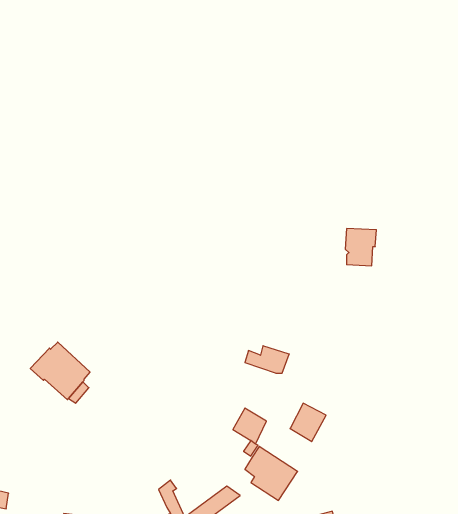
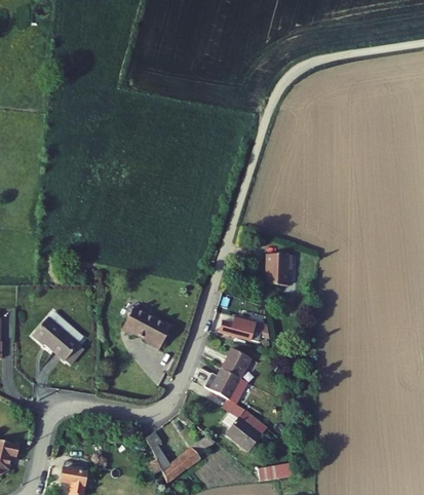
building: [345,229,376,266] -> [266,251,293,282]
building: none -> [117,303,167,346]
building: [290,403,326,442] -> [220,349,250,382]

